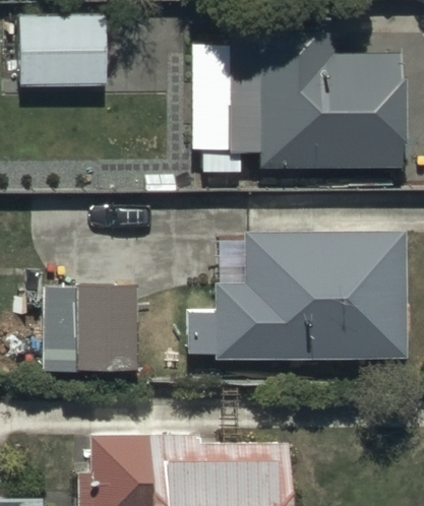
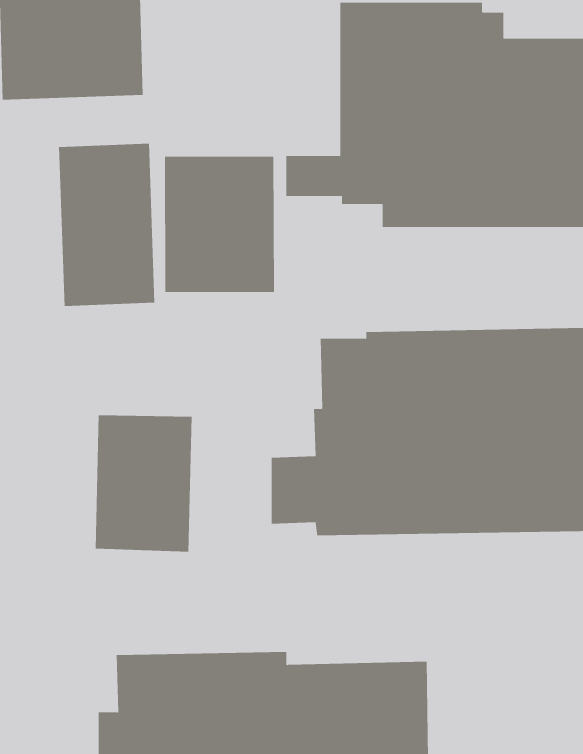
building: none -> [59,143,155,307]
building: none -> [164,156,274,293]

